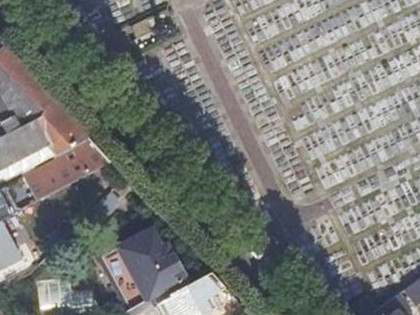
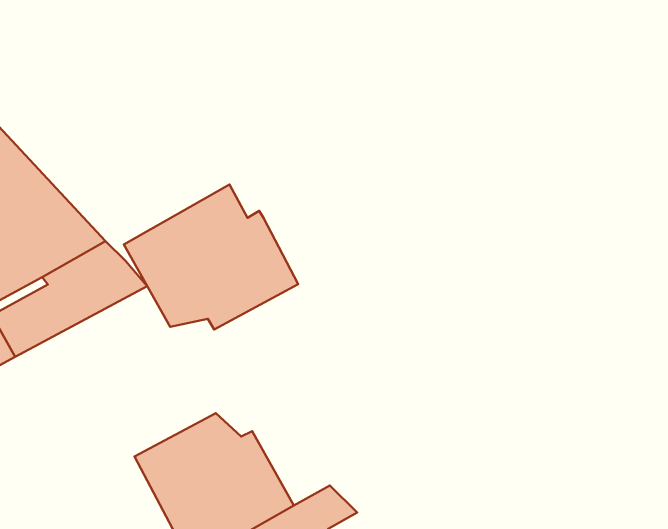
building: none -> [124,184,298,329]

